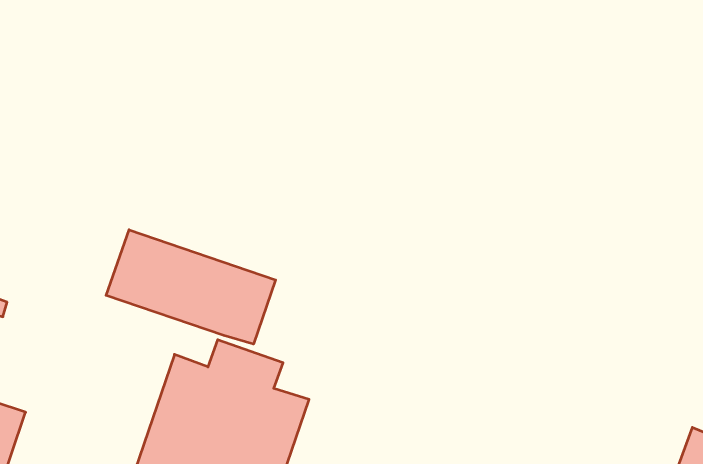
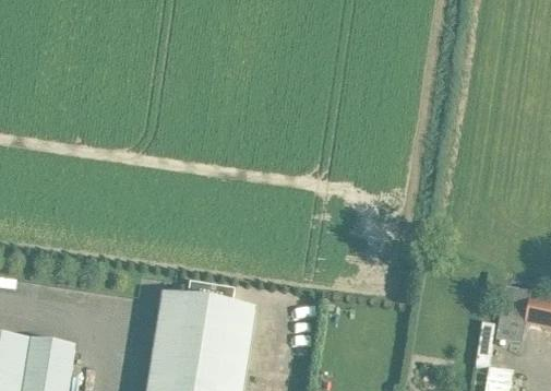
building: [106,230,276,344] -> none

